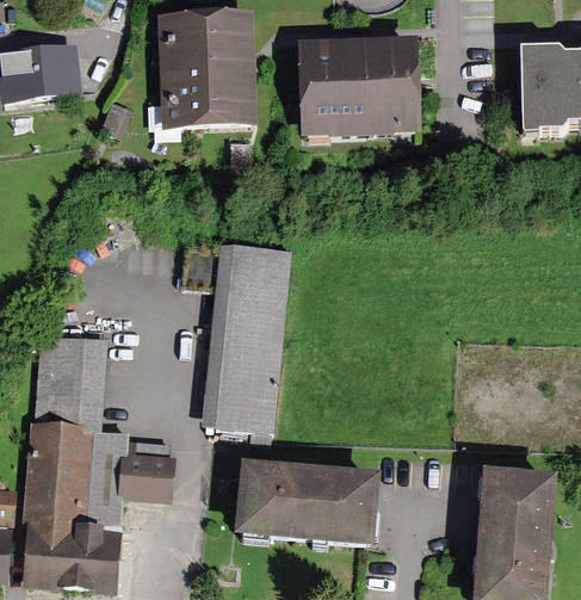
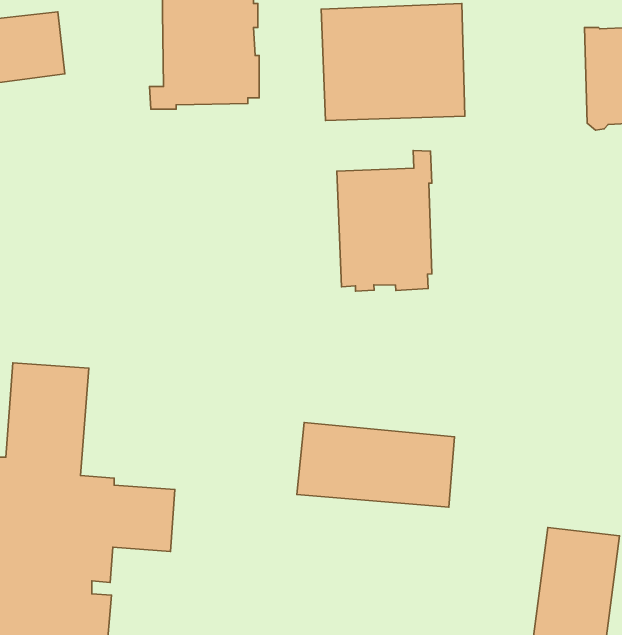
building: none -> [337,150,432,291]
building: [181,240,291,432] -> none
building: [240,469,373,540] -> [297,423,455,507]

